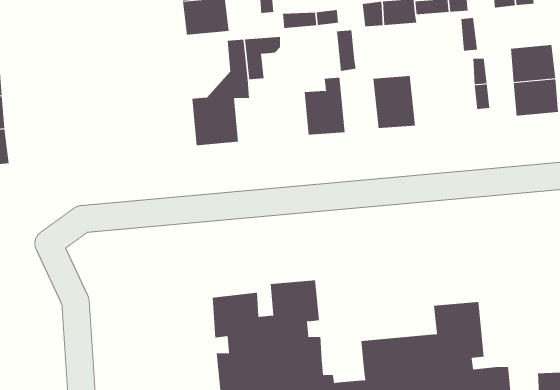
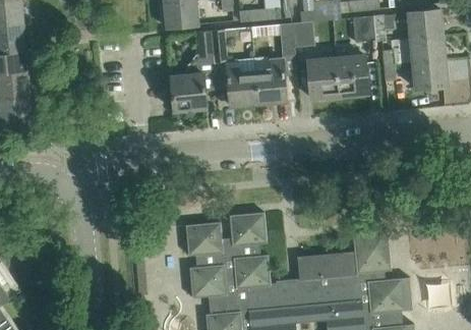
building: none -> [407,9,441,38]
building: none -> [352,15,374,42]
building: none -> [291,21,314,47]
building: none -> [335,55,367,96]
building: none -> [225,58,257,106]

